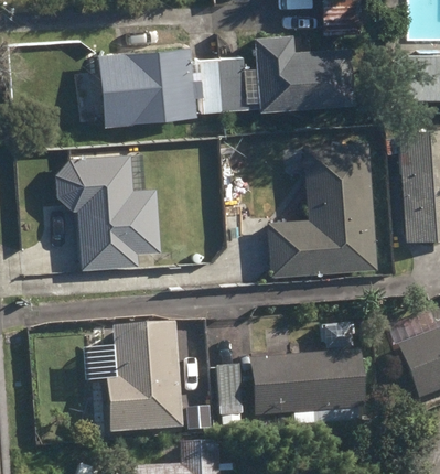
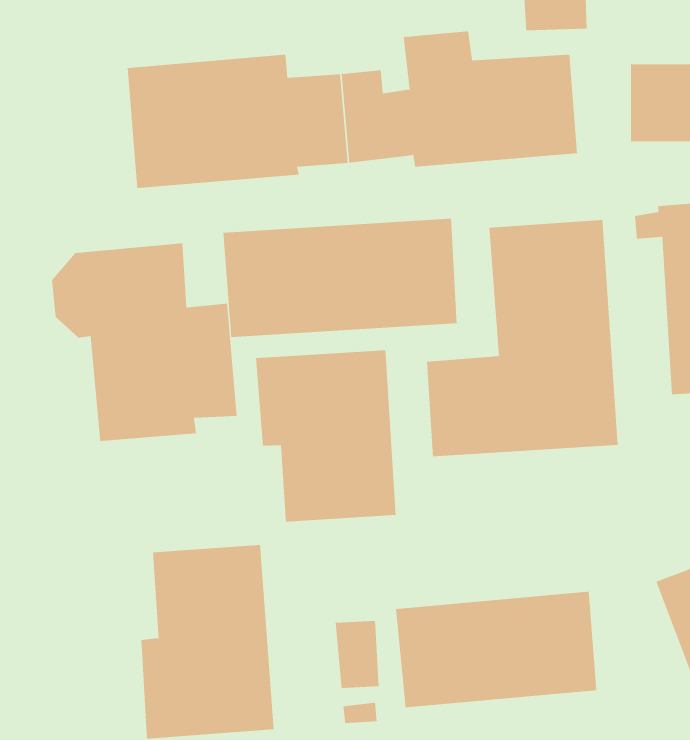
building: none -> [223,218,457,338]
building: none -> [255,350,396,523]

